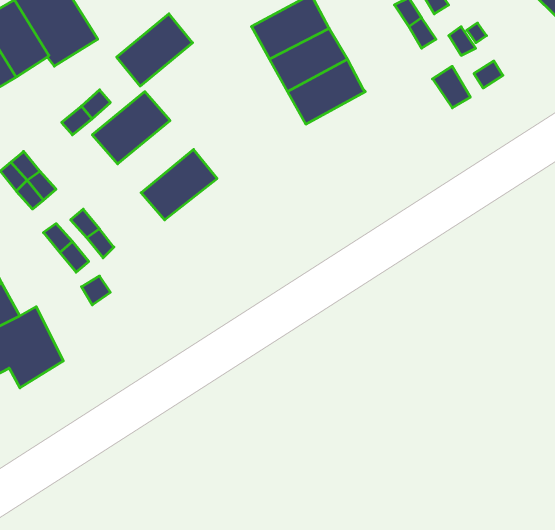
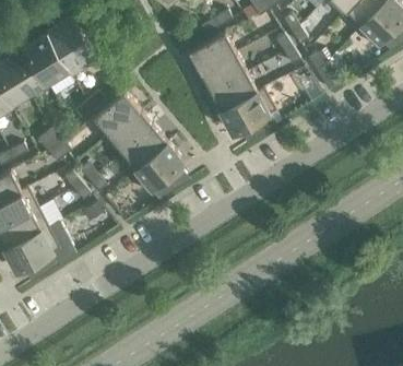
building: [117,14,193,86] -> [108,110,154,154]
building: none -> [222,88,276,134]
building: none -> [130,145,185,200]

